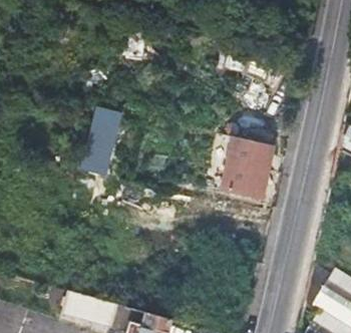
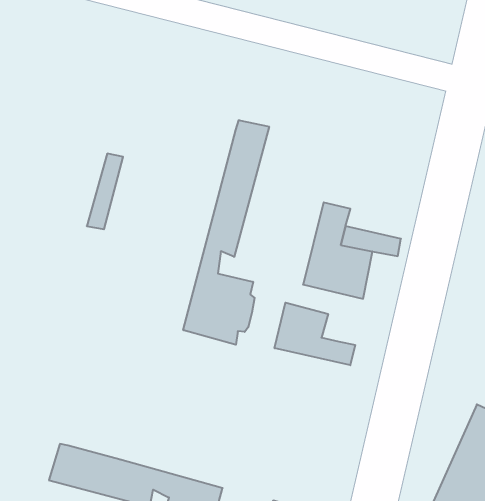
building: none -> [183,120,269,345]
building: none -> [275,303,355,365]

